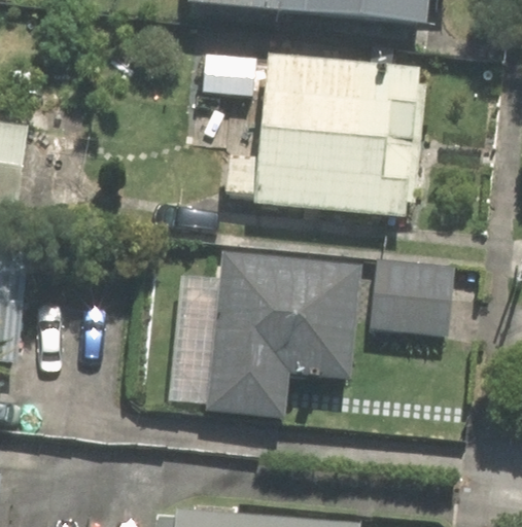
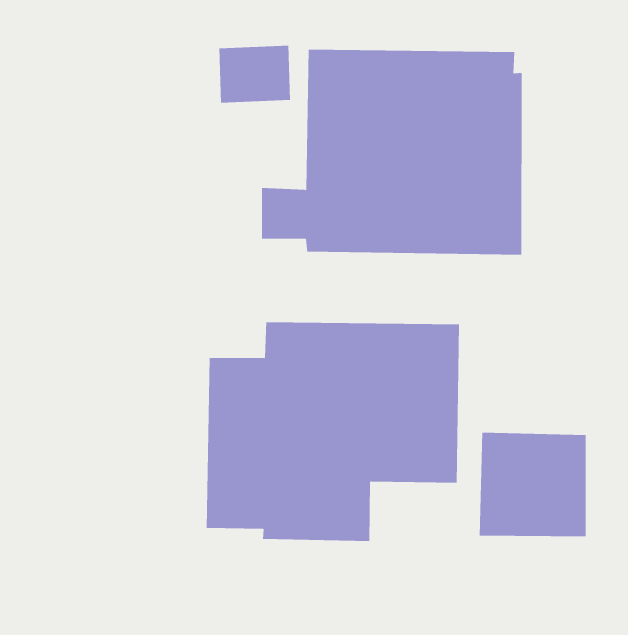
building: [369,255,453,338] -> [479,432,587,537]

